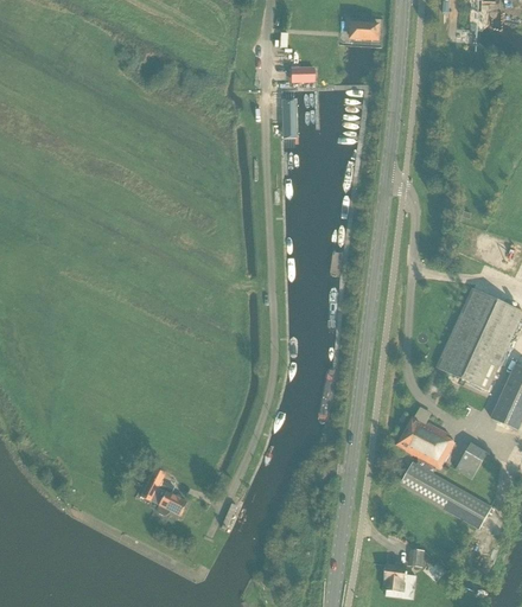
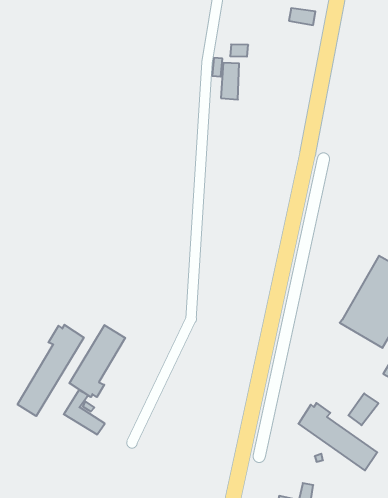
building: none -> [69,325,125,397]
building: none -> [18,325,84,416]
building: [396,416,456,469] -> none

